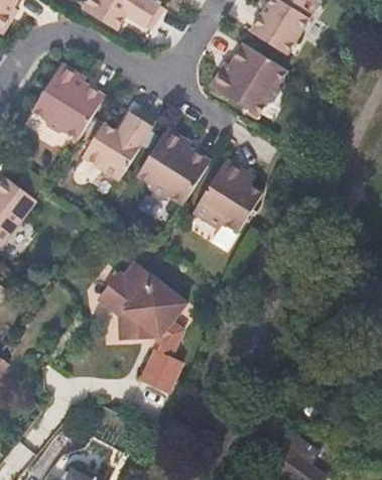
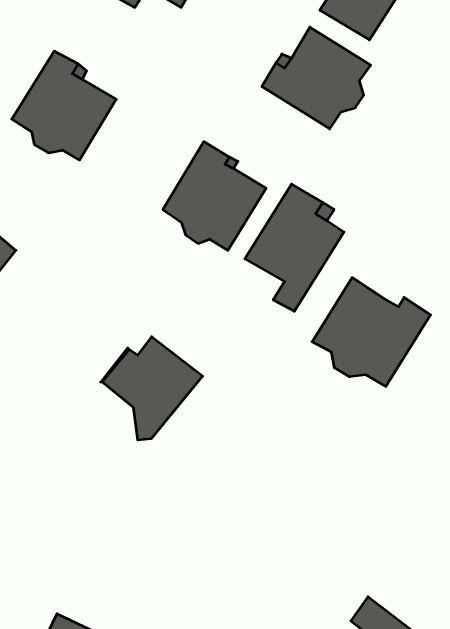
building: [86,105,156,175] -> none
building: none -> [312,278,431,386]
building: [131,292,183,389] -> none

